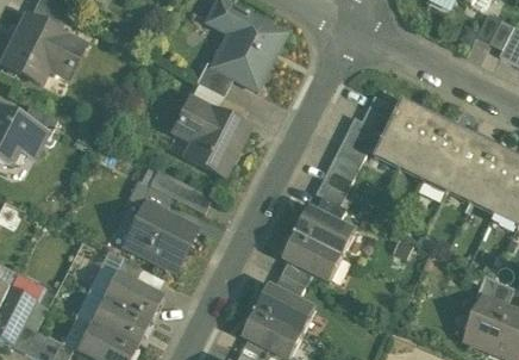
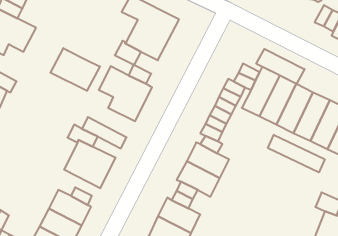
building: none -> [50,48,100,91]
building: none -> [256,49,305,84]
building: none -> [268,135,325,172]

